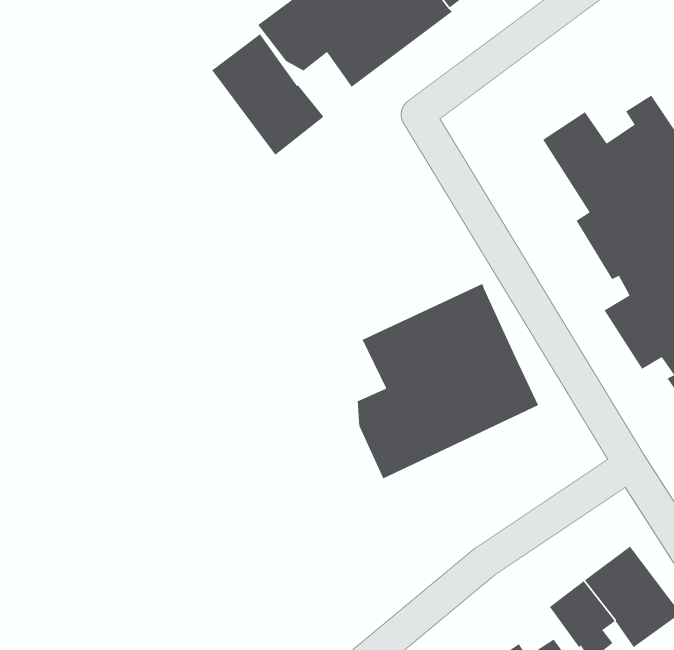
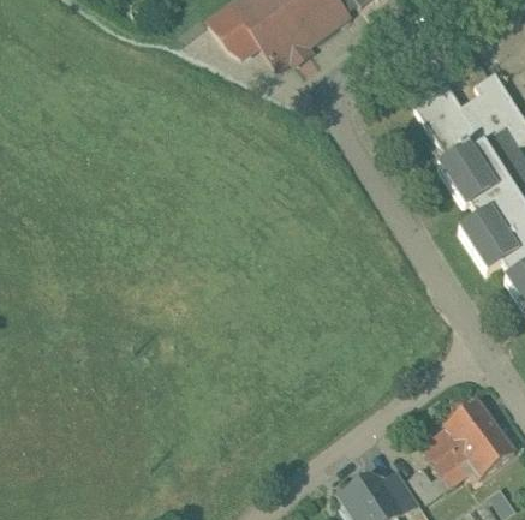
building: [211,33,325,156] -> none
building: [357,283,539,480] -> none

